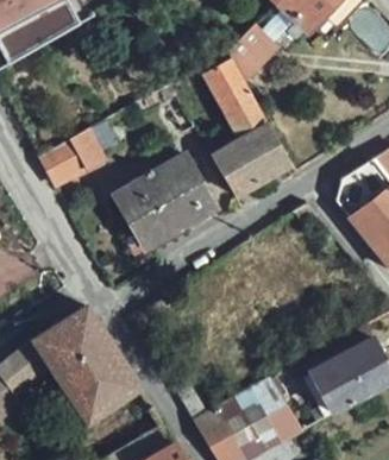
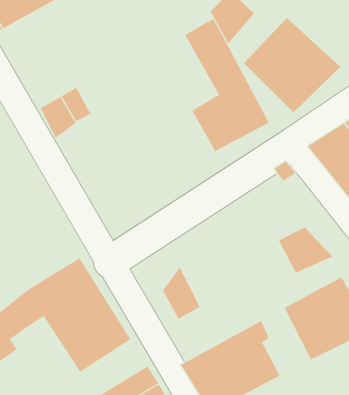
building: none -> [243,17,341,113]
building: [107,150,211,258] -> none
building: none -> [278,227,333,274]
building: none -> [163,266,201,319]

